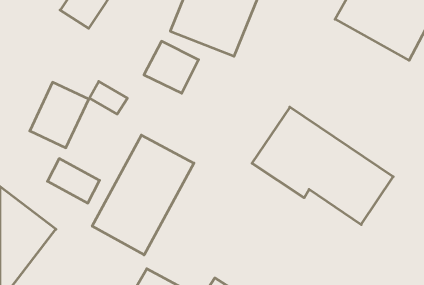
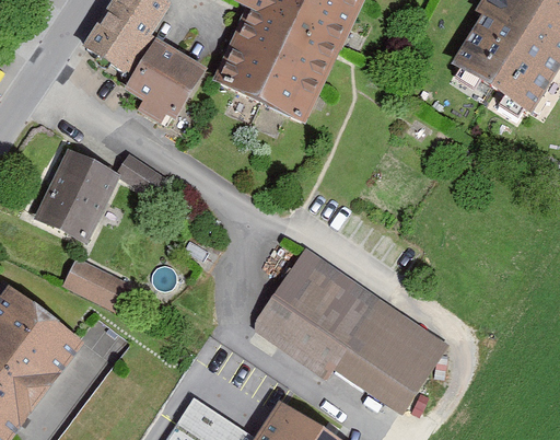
building: [144,41,199,93] -> [125,49,196,117]
building: [252,107,393,225] -> [259,251,443,404]
building: [92,135,194,255] -> none

